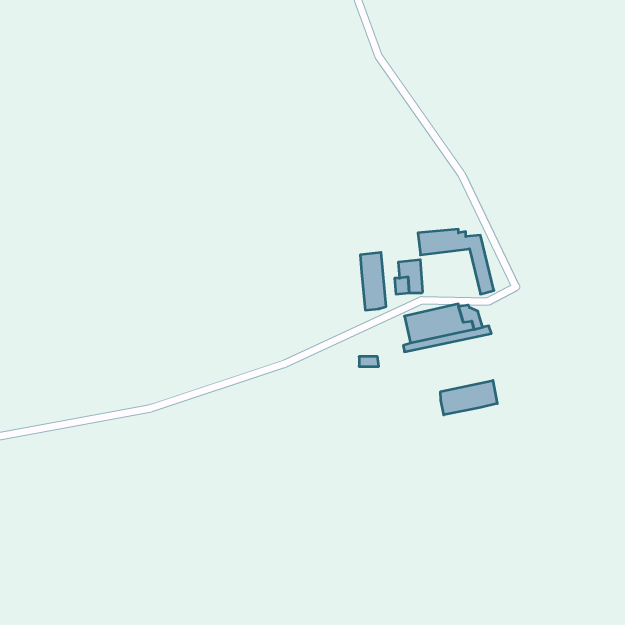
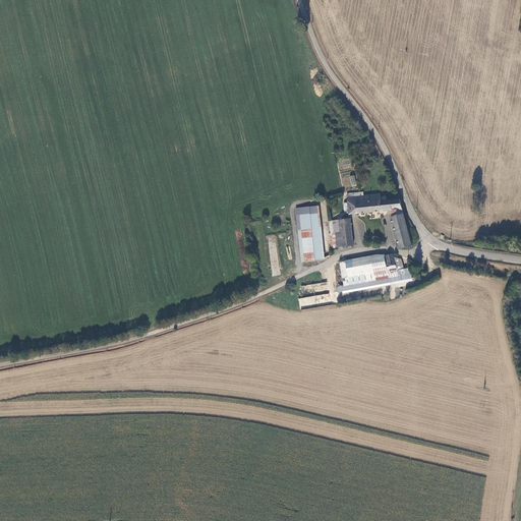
building: [441,380,497,415] -> none

